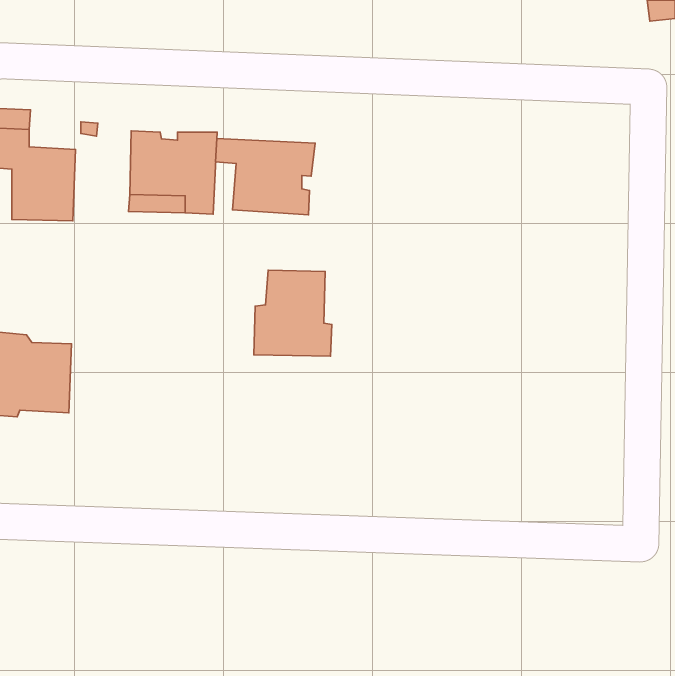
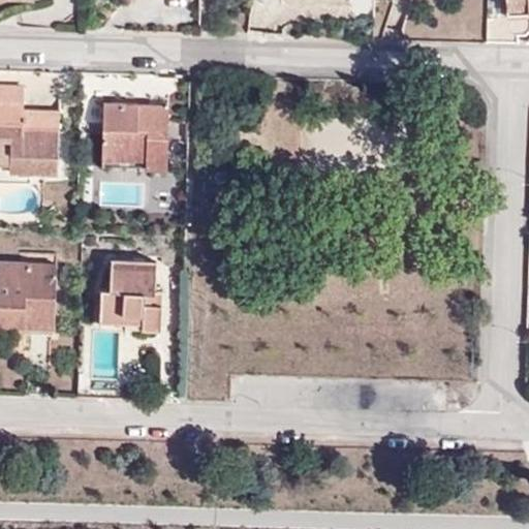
building: [216,138,315,215] -> none
building: [254,270,332,356] -> [99,259,160,326]

